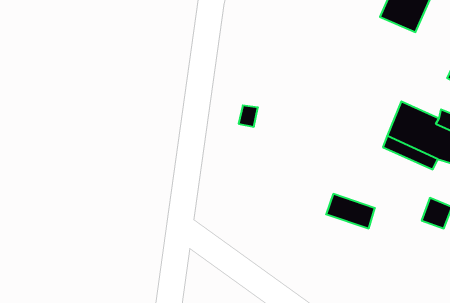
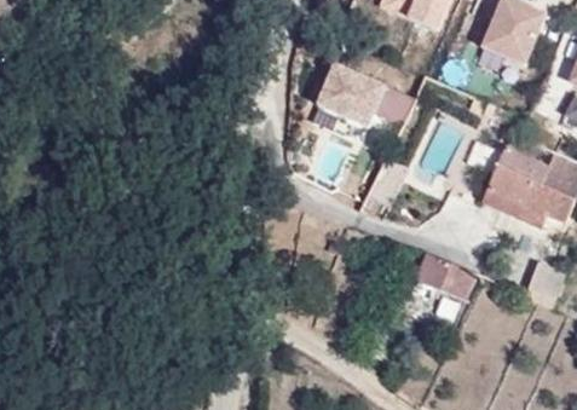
building: none -> [318,64,414,127]

